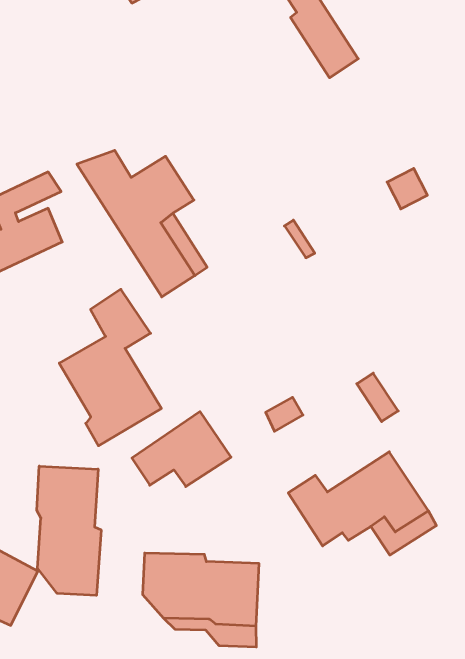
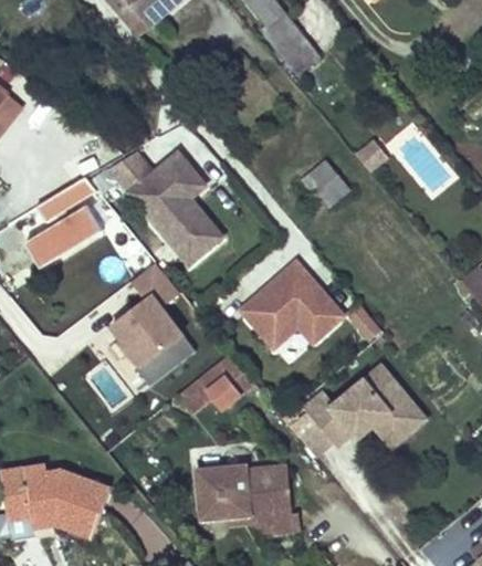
building: none -> [300,156,350,206]
building: none -> [241,260,344,345]
building: [37,466,101,595] -> none

